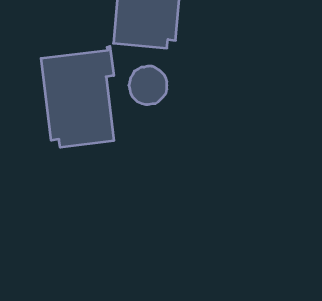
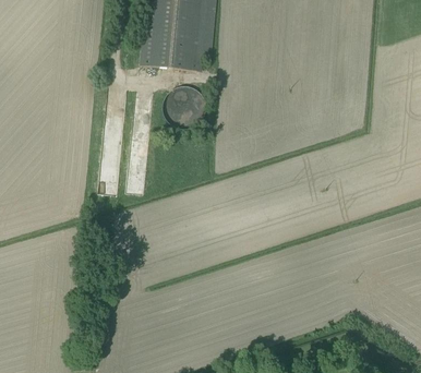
building: [41,46,114,147] -> none

